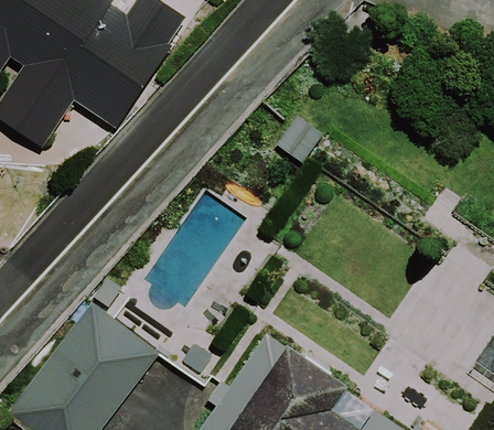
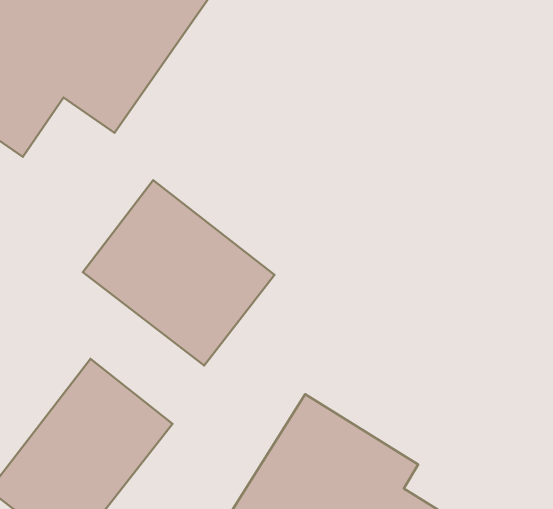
building: none -> [83,180,274,365]

